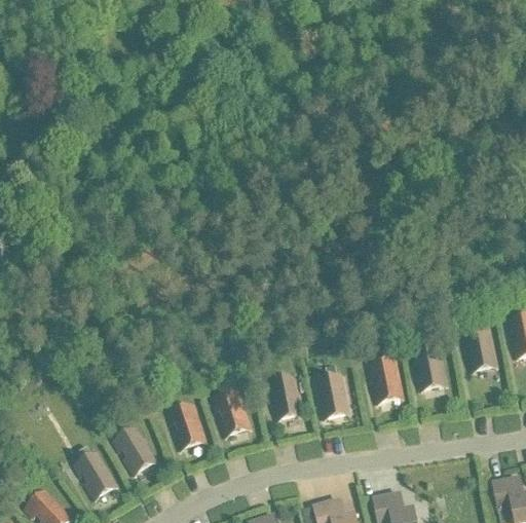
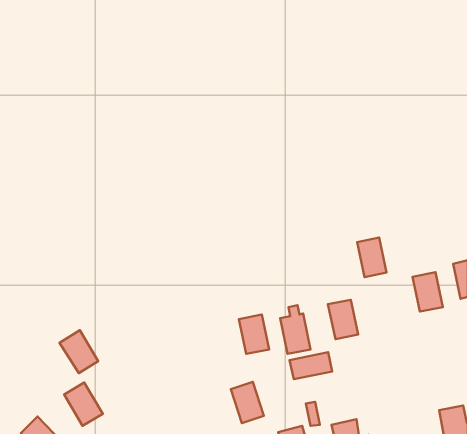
building: [413,345,446,389] -> [357,238,387,277]
building: [213,389,250,436] -> [231,382,264,423]
building: [167,403,205,449] -> none
building: none -> [290,352,332,379]
building: [113,425,156,474] -> [60,330,98,373]

